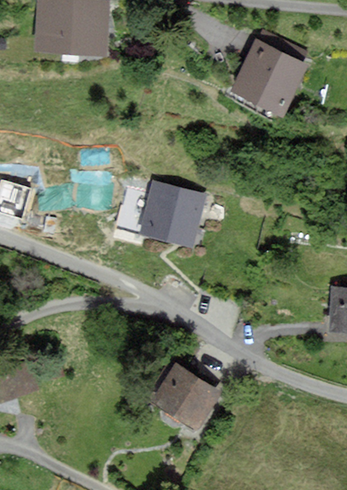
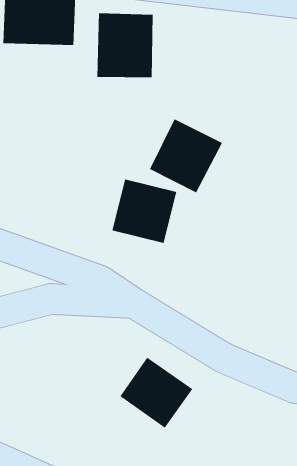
building: none -> [97,13,153,78]
building: [233,40,306,114] -> [149,119,223,193]

